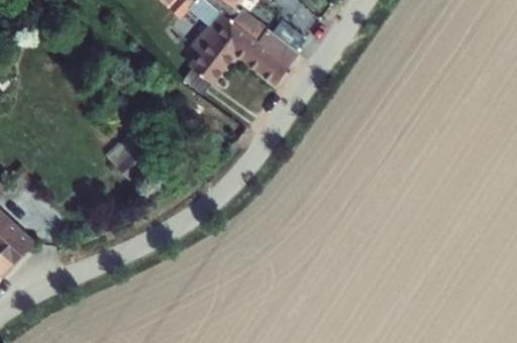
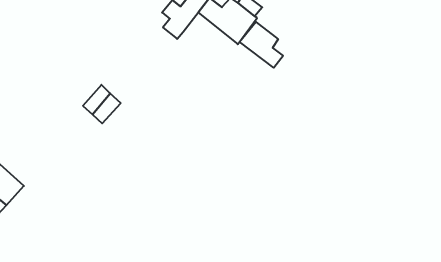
building: none -> [239,22,283,68]

